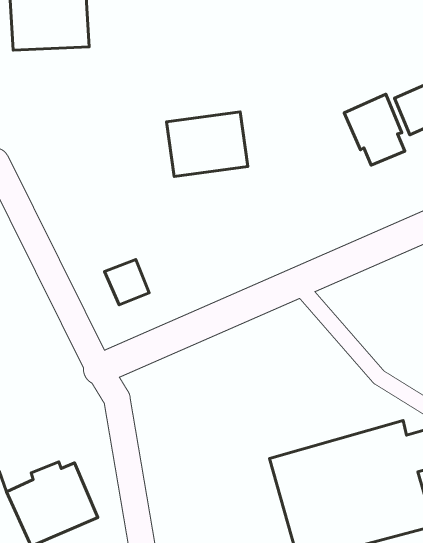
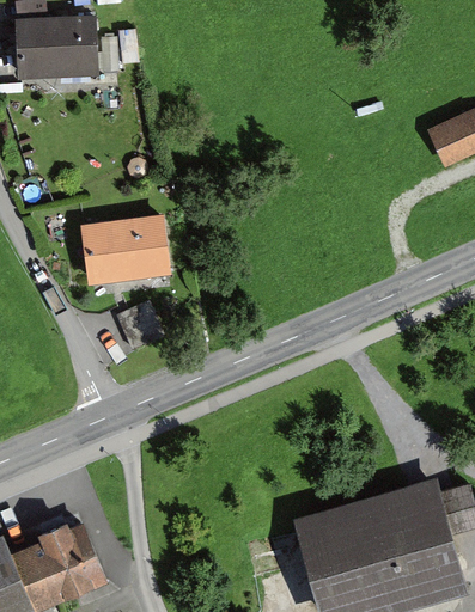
building: [344,94,405,165] -> none
building: [167,112,248,176] -> [81,215,169,284]

